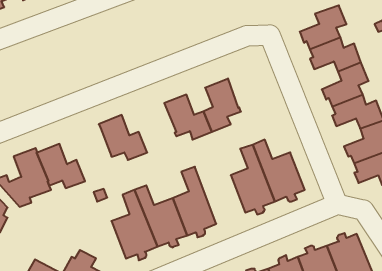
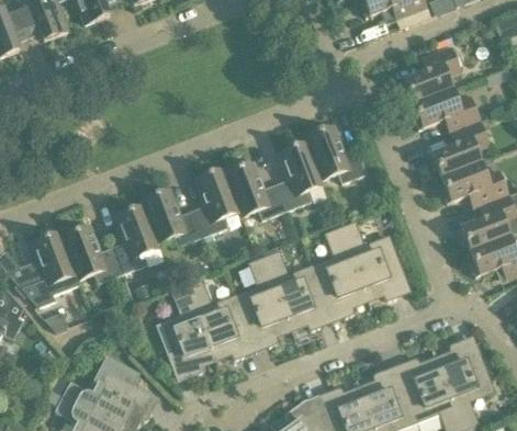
building: none -> [304,125,367,182]
building: none -> [192,167,240,236]
building: none -> [112,204,160,273]
building: none -> [265,249,329,329]

